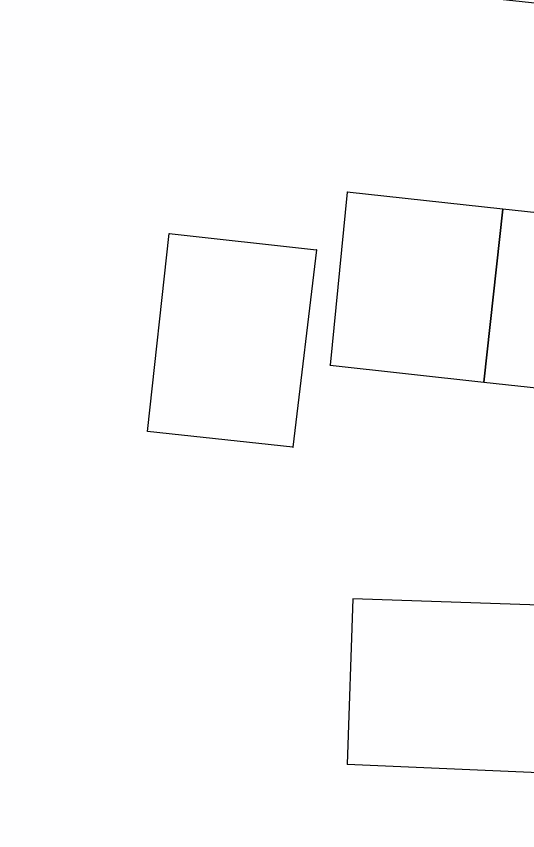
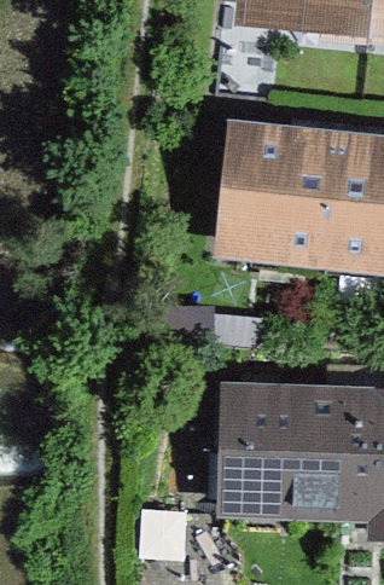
building: [148,234,316,447] -> none

